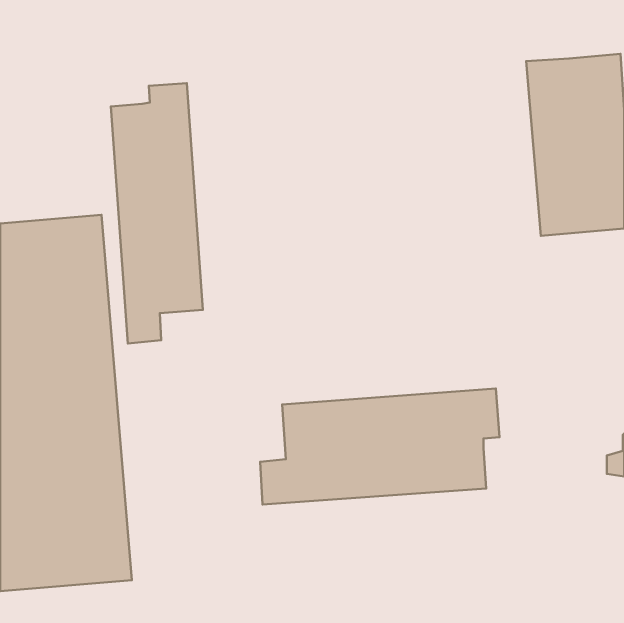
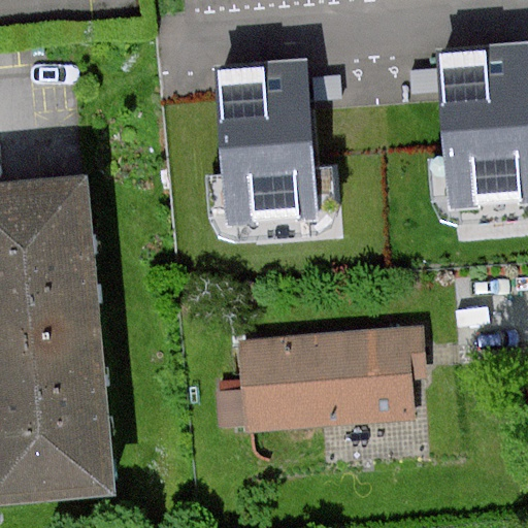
building: none -> [224,71,317,219]
building: [111,83,203,343] -> none

